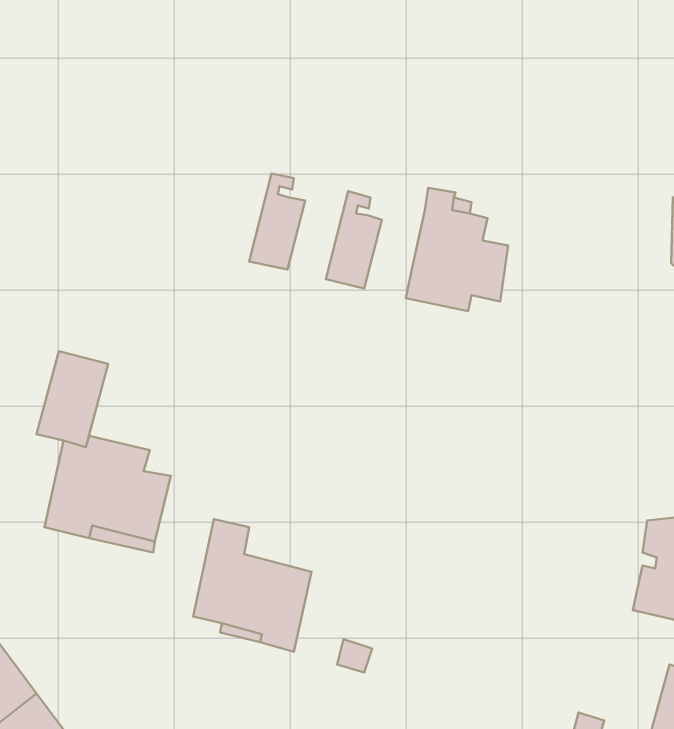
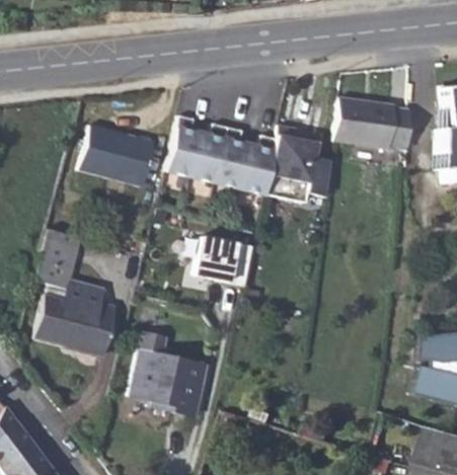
building: none -> [334,98,410,150]
building: none -> [192,124,230,182]
building: none -> [80,126,156,185]
building: none -> [240,135,279,194]
building: none -> [198,235,255,283]

